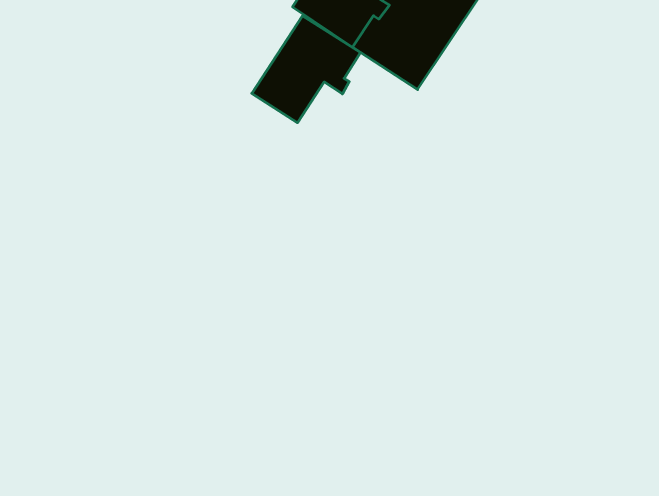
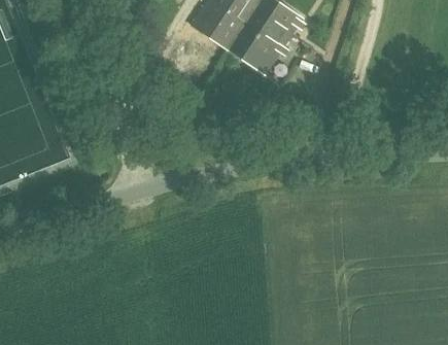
building: [252,16,361,123] -> none

